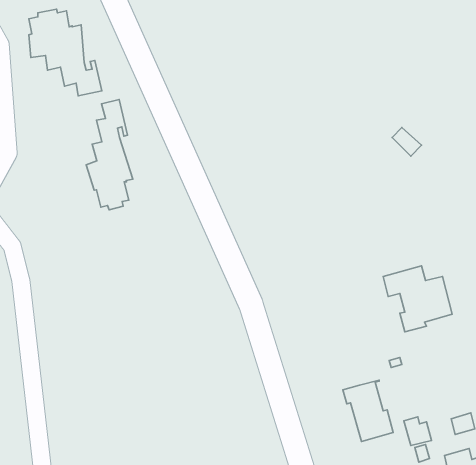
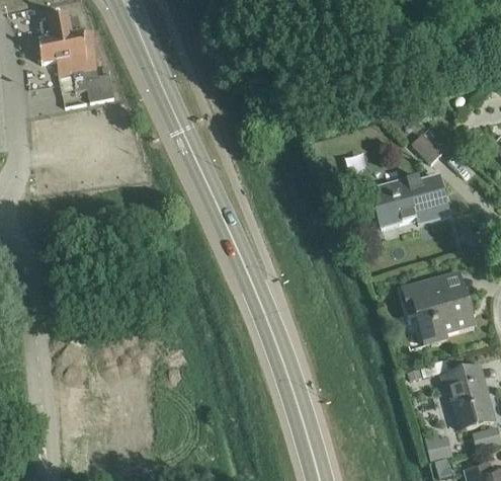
building: [86,99,133,210] -> none
building: none -> [370,175,449,227]
building: [343,380,393,441] -> [442,366,494,428]

